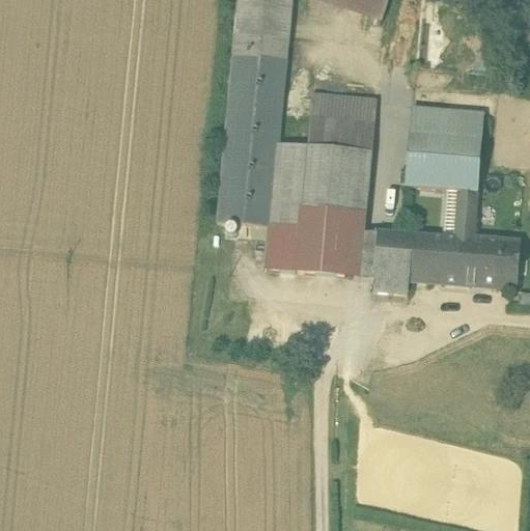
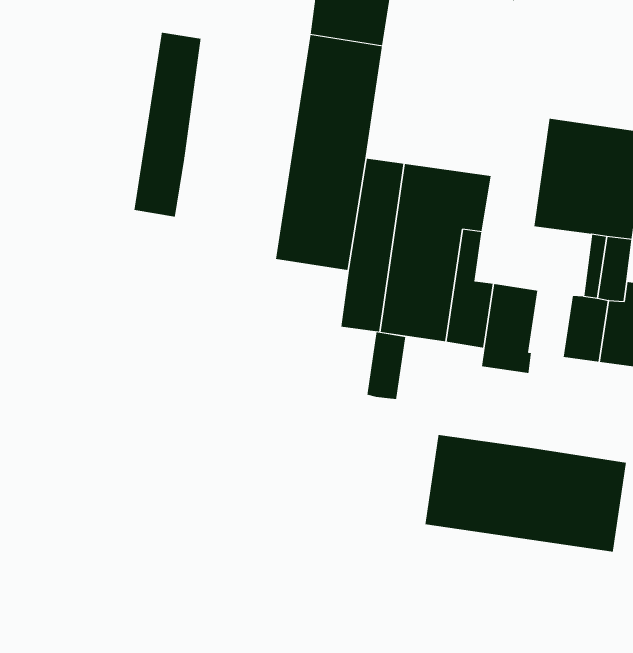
building: none -> [134,32,201,217]
building: [307,90,376,149] -> none
building: [407,231,436,279] -> none
building: none -> [367,332,406,400]
building: none -> [425,434,626,553]

